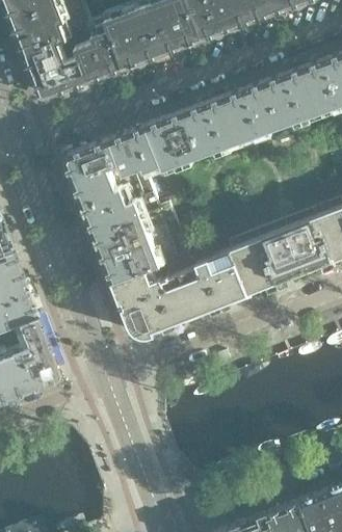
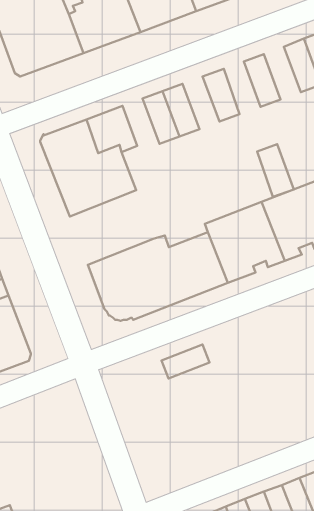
building: [286,69,322,121] -> none
building: [246,83,283,135] -> [257,144,294,197]
building: [206,98,242,150] -> none
building: [147,119,191,193] -> none
building: [95,210,178,284] -> none
building: none -> [162,345,210,378]

